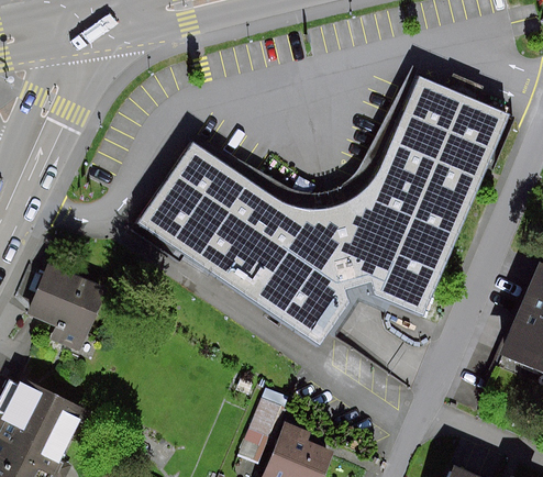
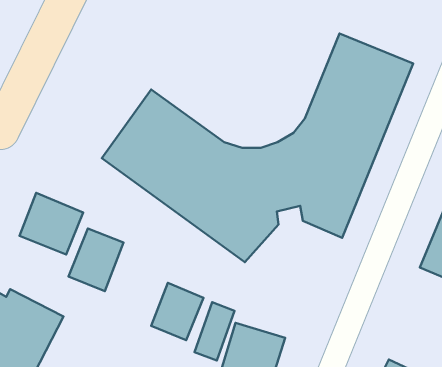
building: none -> [69,228,123,291]
building: none -> [151,283,203,340]

